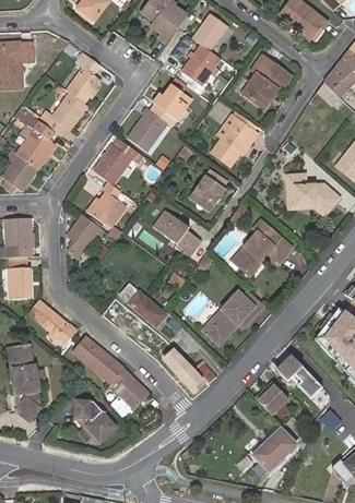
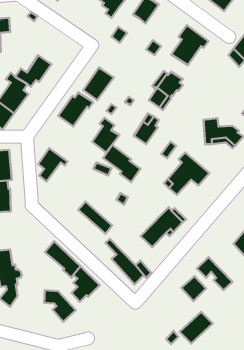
building: [181,44,218,84] -> none
building: [64,53,97,101] -> none
building: [150,84,189,125] -> none
building: [95,184,131,230] -> [92,118,120,153]
building: [27,298,78,344] -> none

